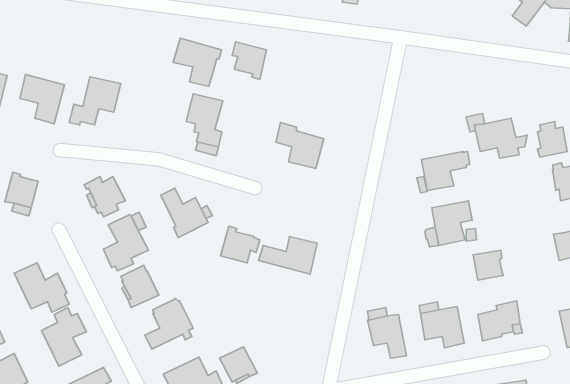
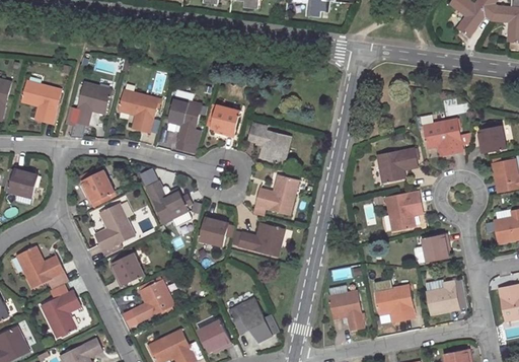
building: [173,38,221,86] -> [118,89,160,132]
building: [232,42,267,80] -> [208,103,238,137]
building: none -> [253,175,298,215]
building: none -> [229,298,272,341]

